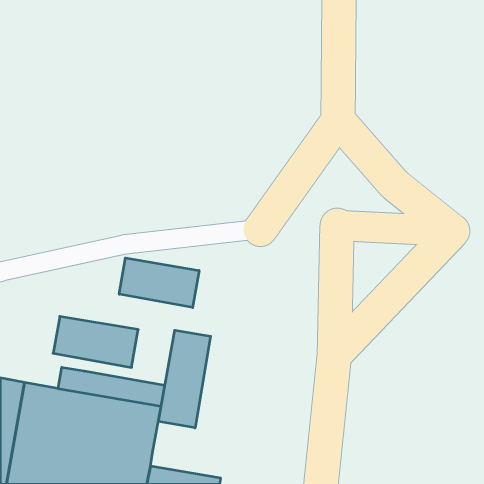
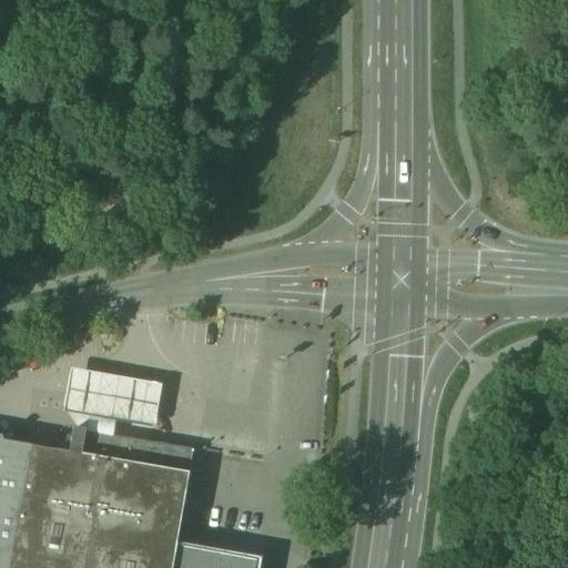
building: [119,258,199,308] -> none
building: [158,330,211,428] -> none

